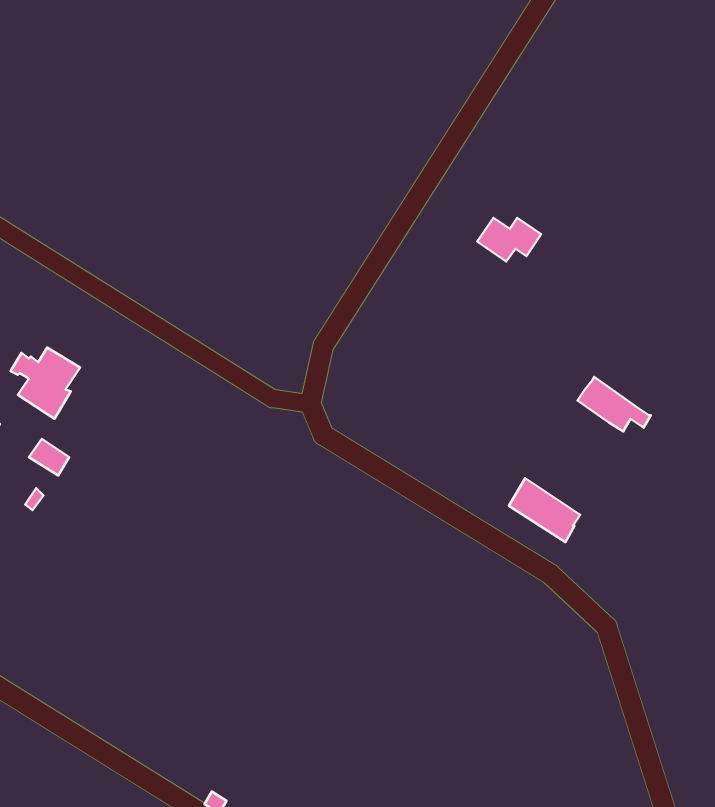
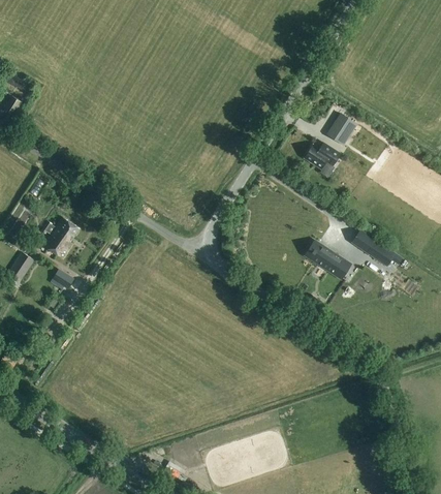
building: none -> [325,112,357,145]
building: [509,478,580,542] -> [309,242,349,278]

